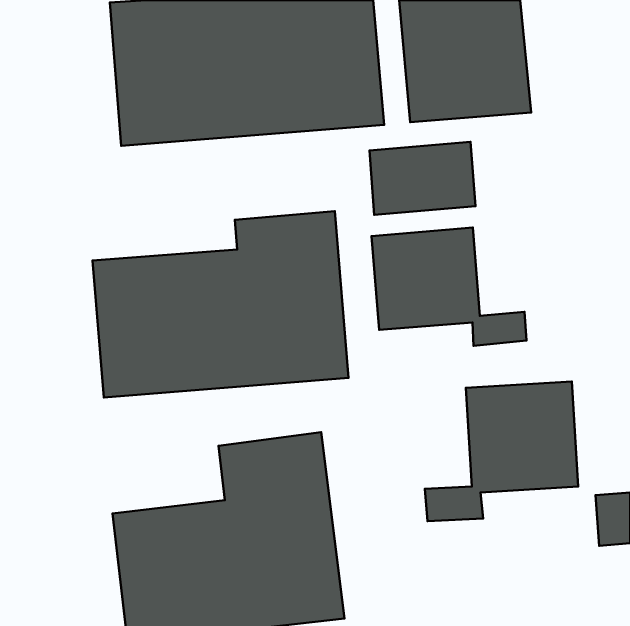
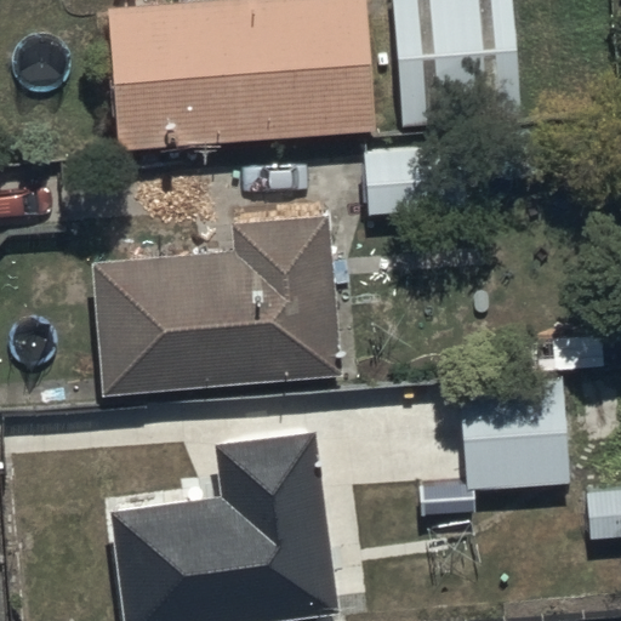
building: [371,227,527,346] -> none

